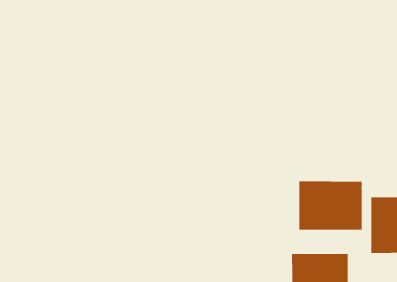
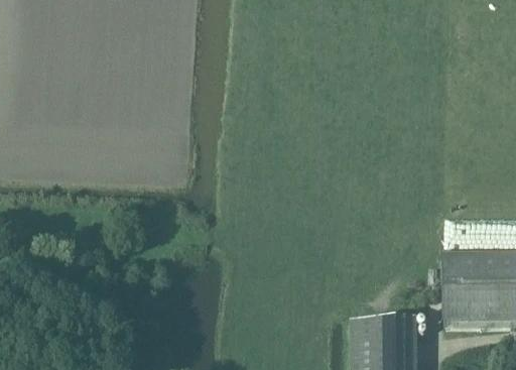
building: [299,181,362,231] -> none

